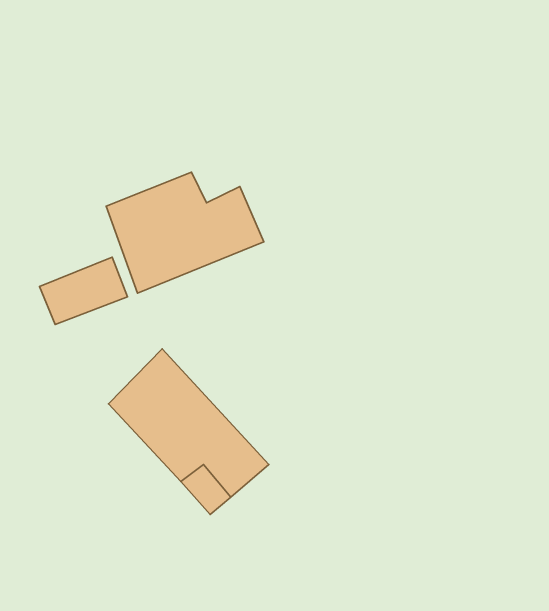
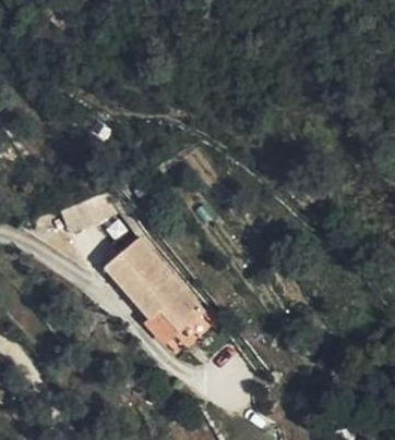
building: [106,172,264,293] -> none

